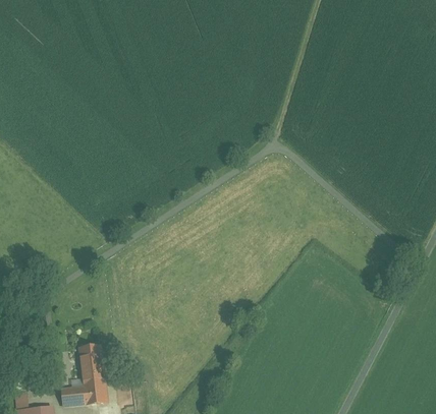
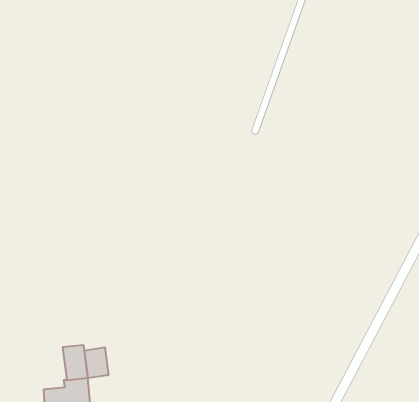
building: none -> [84,347,108,378]

